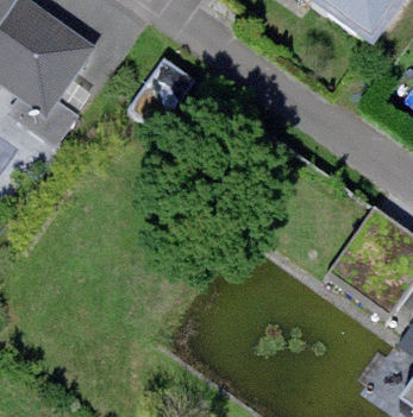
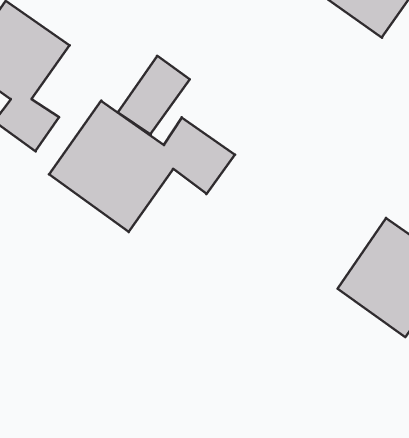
building: none -> [49,101,235,232]

